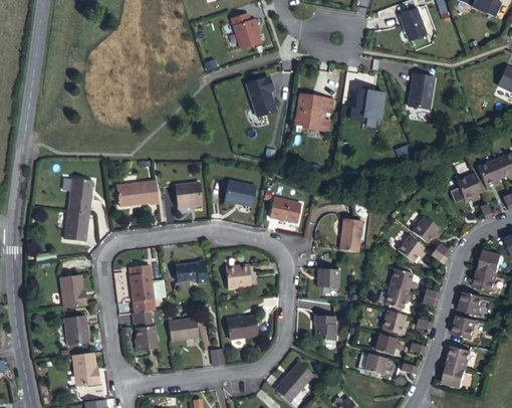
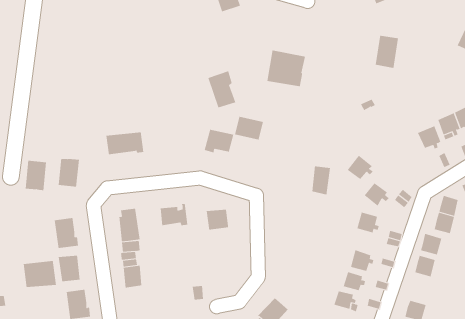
building: [248,76,279,118] -> [208,70,236,108]
building: [351,90,387,121] -> none
building: [74,178,98,211] -> [25,160,47,191]
building: [175,182,200,204] -> none
building: [269,196,301,222] -> [234,116,264,140]
building: [412,215,441,242] -> [347,155,373,180]
building: [316,267,338,287] -> none
building: [385,285,411,308] -> none
building: [226,315,256,338] -> none
building: [312,315,334,340] -> none
building: [168,318,198,341] -> none
building: none -> [23,260,56,288]
building: [448,345,471,369] -> none

